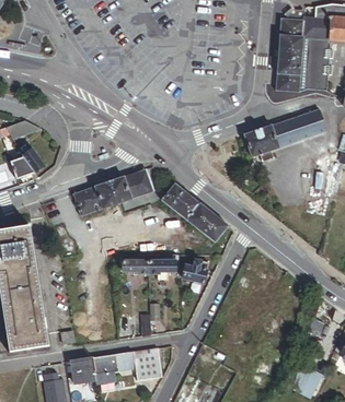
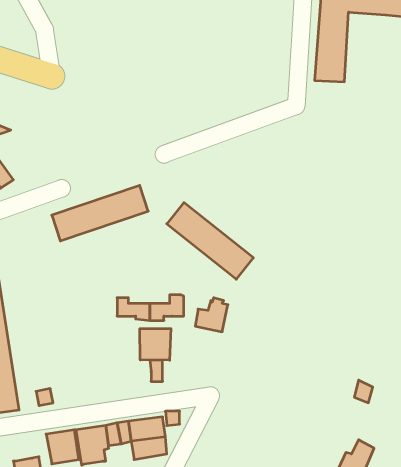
building: [299,37,333,91] -> none
building: [244,109,327,162] -> none
building: none -> [140,329,171,360]

